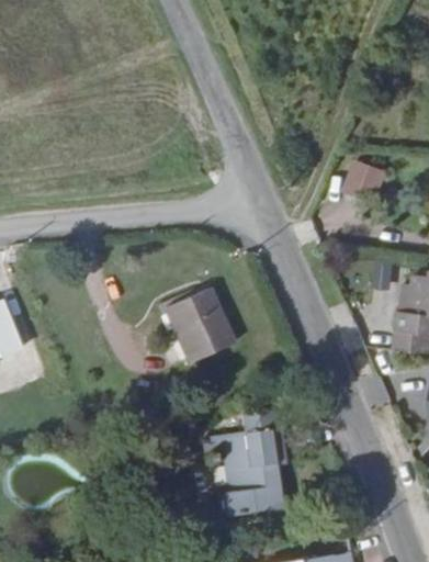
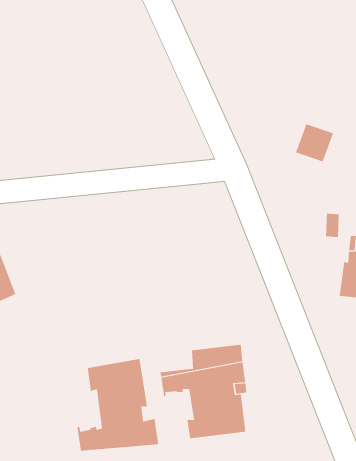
building: [169,289,233,360] -> none
building: none -> [77,358,159,452]

